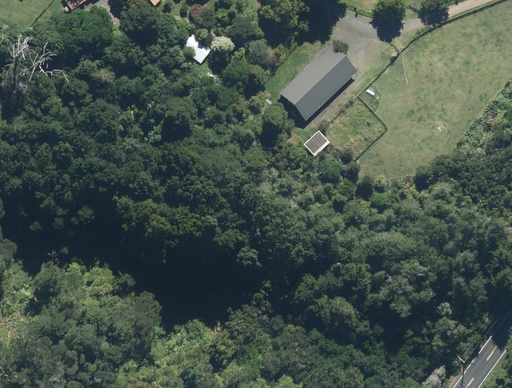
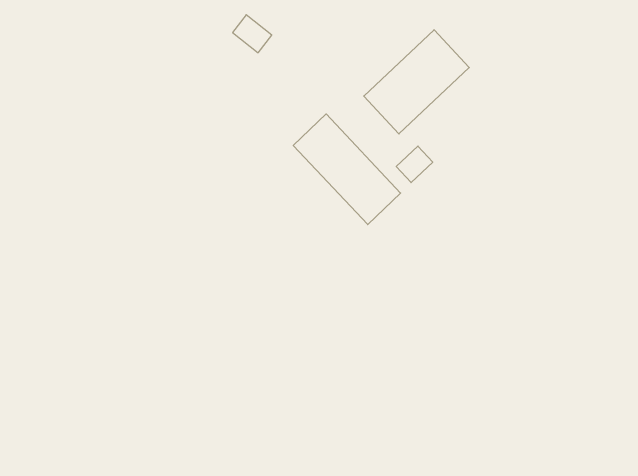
building: none -> [293,114,401,225]

